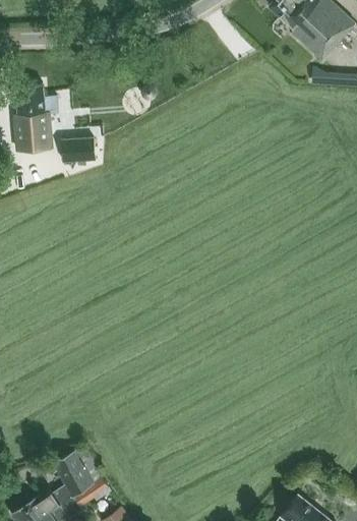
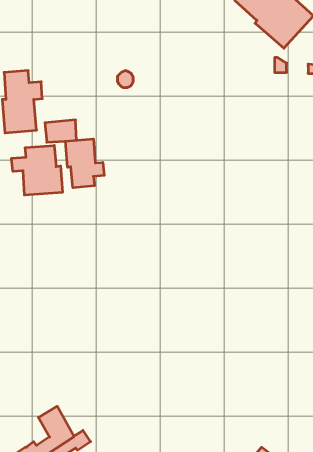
building: none -> [65,139,104,188]
building: none -> [12,145,62,195]

